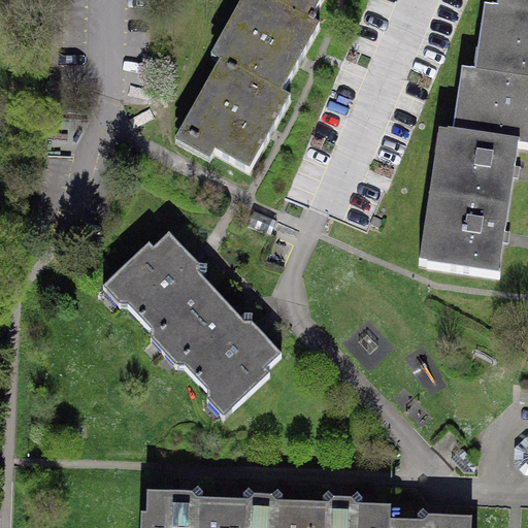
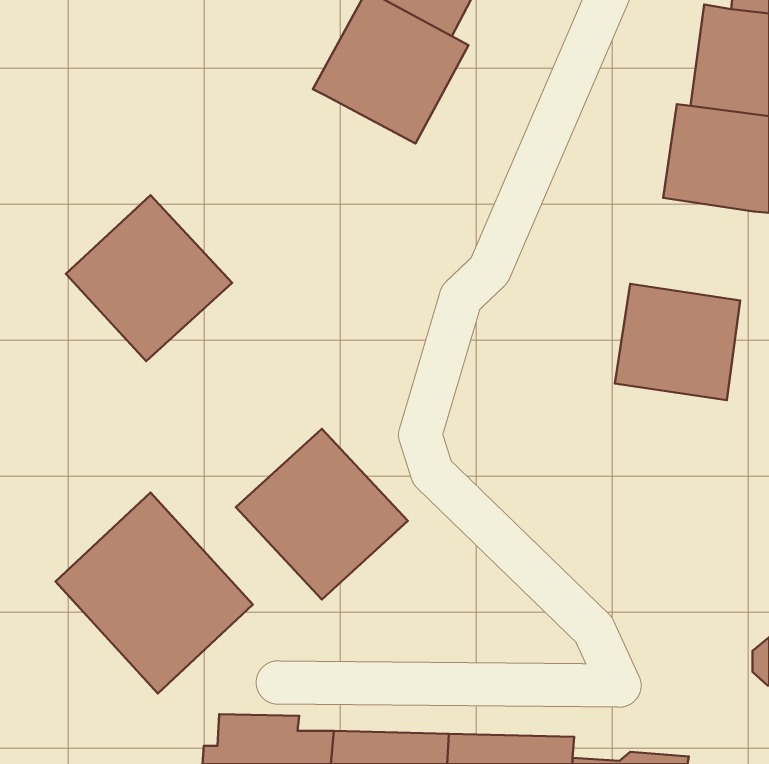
building: [176,65,293,177] -> none
building: [430,133,515,205] -> none
building: [106,233,220,346] -> [66,195,232,361]
building: none -> [56,492,253,694]

